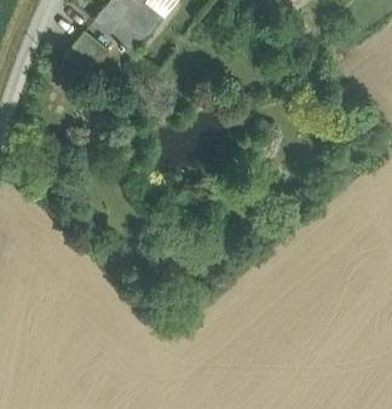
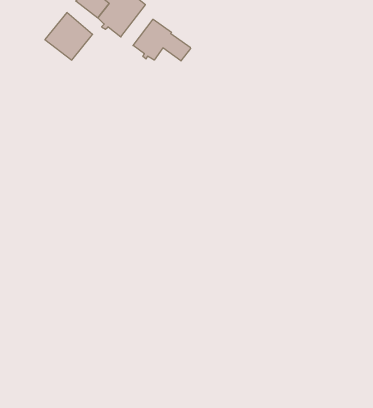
building: none -> [133,19,191,61]

